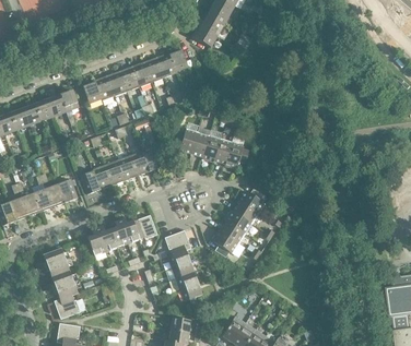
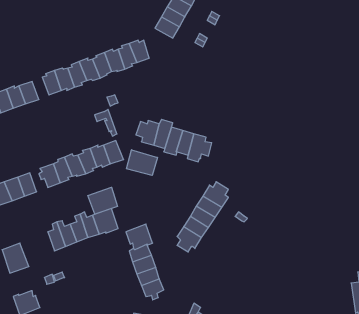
building: none -> [126,150,157,175]
building: none -> [88,187,117,214]
building: [50,271,78,299] -> none

